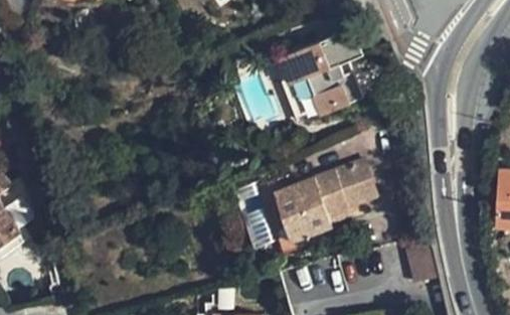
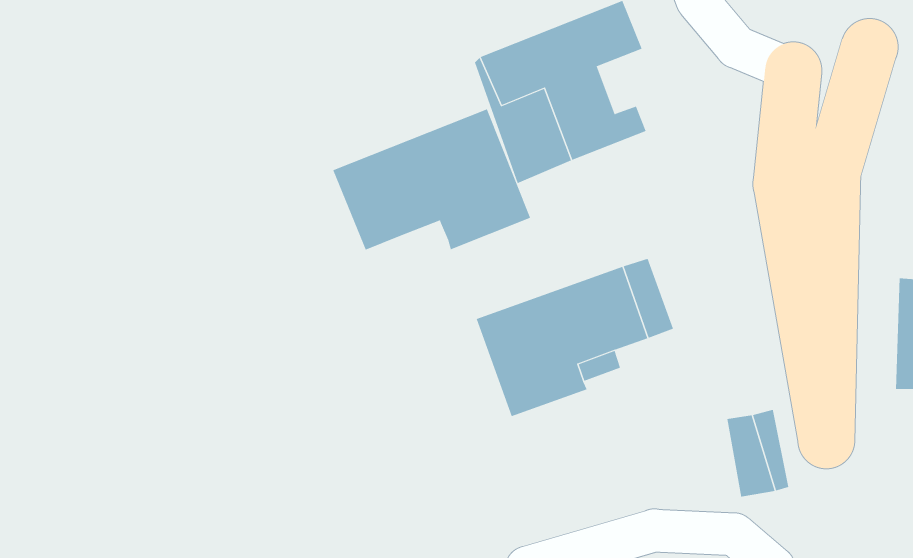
building: none -> [333,108,531,250]

